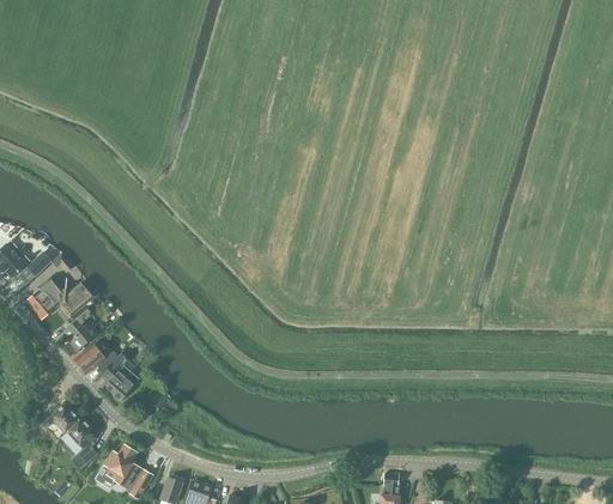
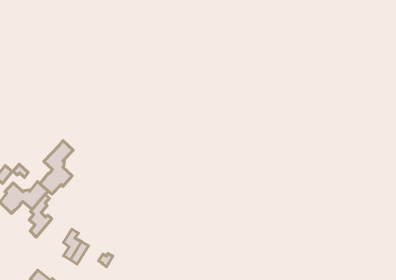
building: none -> [40,141,73,194]
building: [73,345,116,374] -> none

